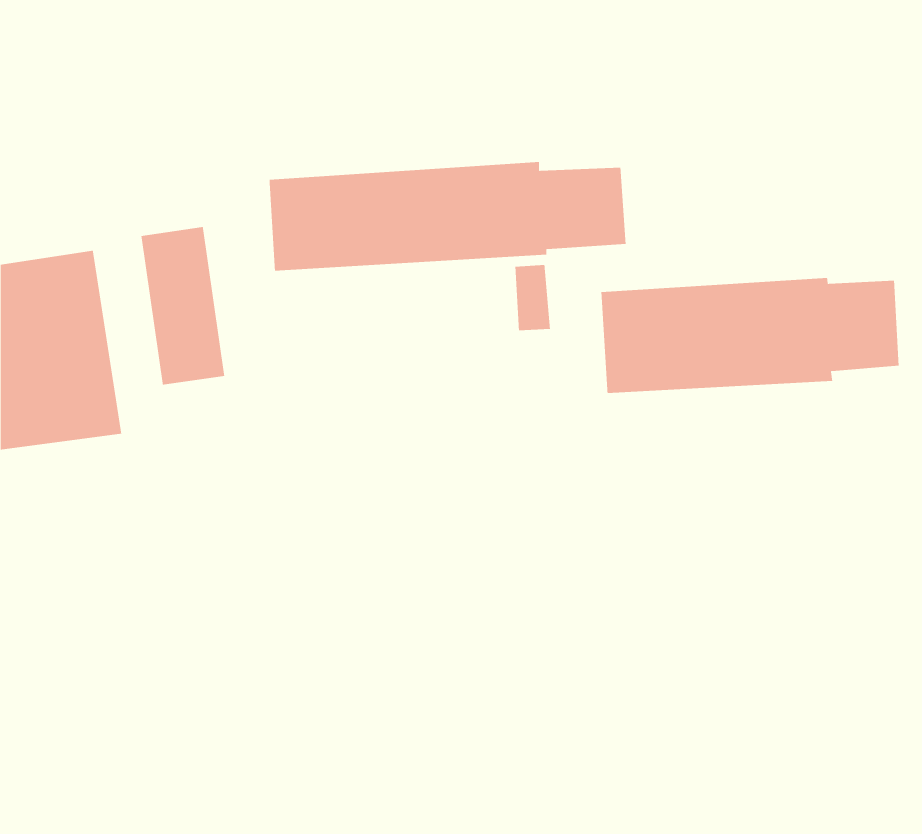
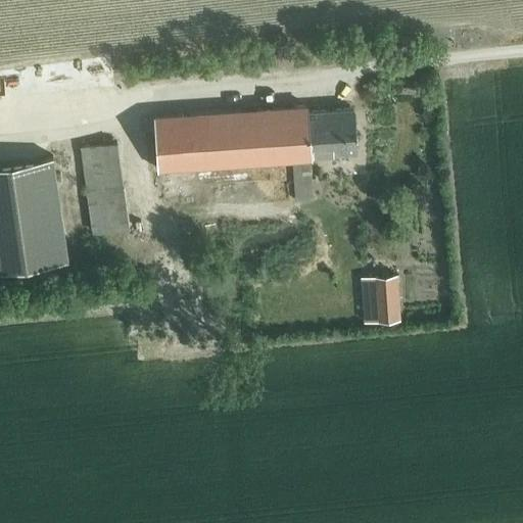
building: [601,277,900,394] -> none
building: none -> [372,281,397,326]

